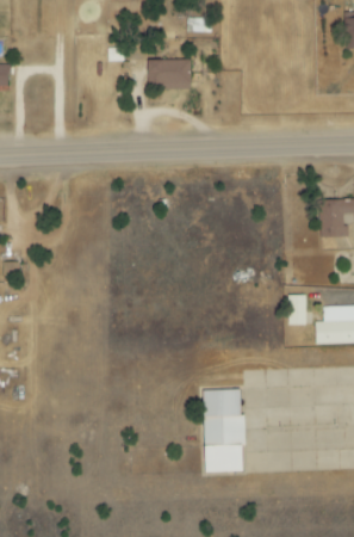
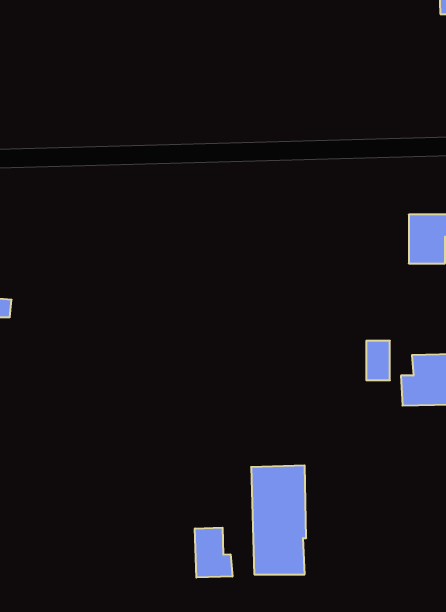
building: [145,58,192,88] -> none
building: none -> [195,528,232,578]

